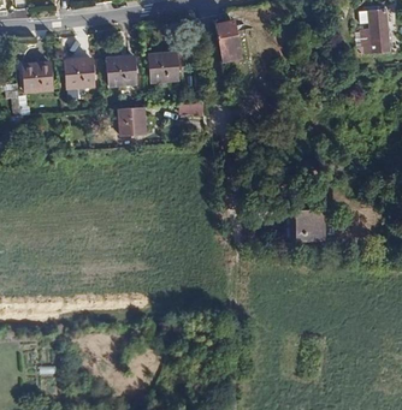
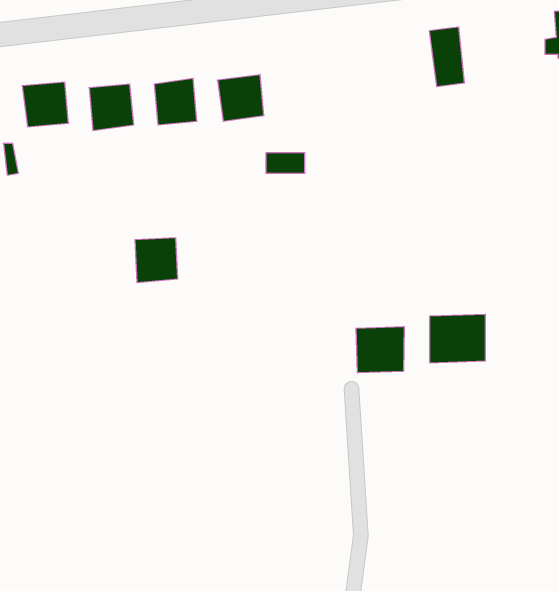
building: [214,23,237,61] -> [429,27,465,87]
building: [113,108,141,137] -> [135,238,178,283]
building: none -> [356,326,404,373]

